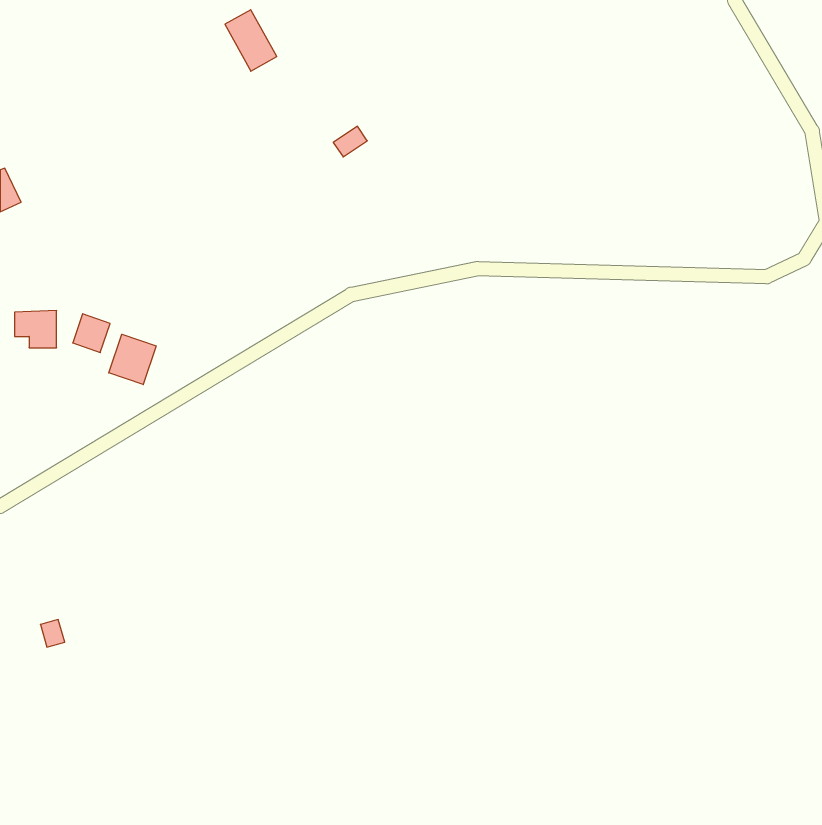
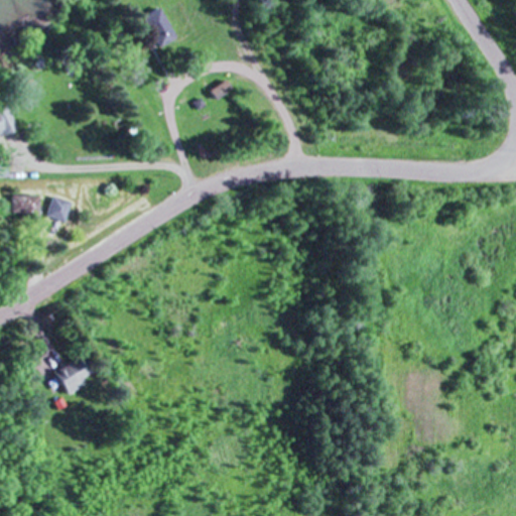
building: [109,334,156,385] -> none
building: none -> [56,358,92,392]

